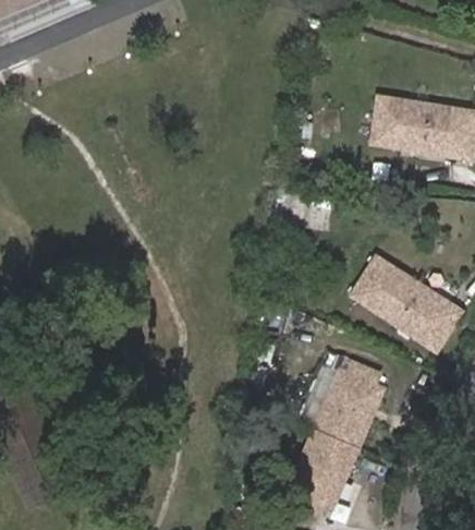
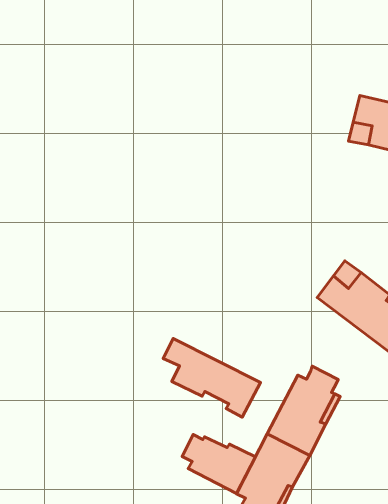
building: none -> [163,338,260,417]
building: none -> [182,435,256,493]

